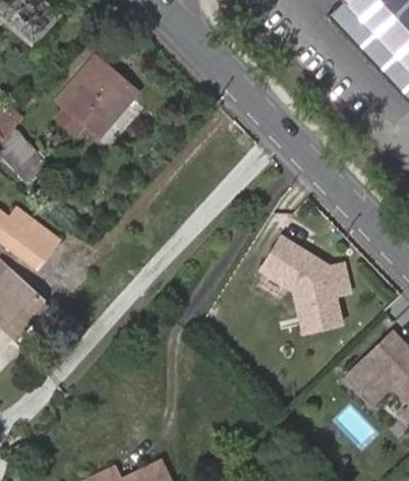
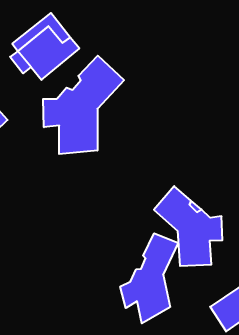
building: none -> [43,56,124,154]
building: none -> [120,233,178,323]

